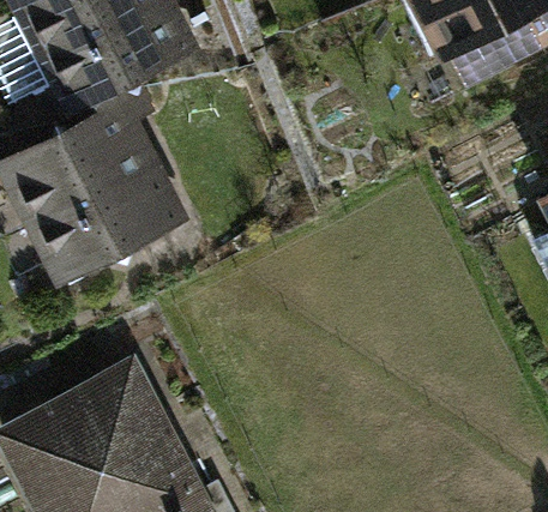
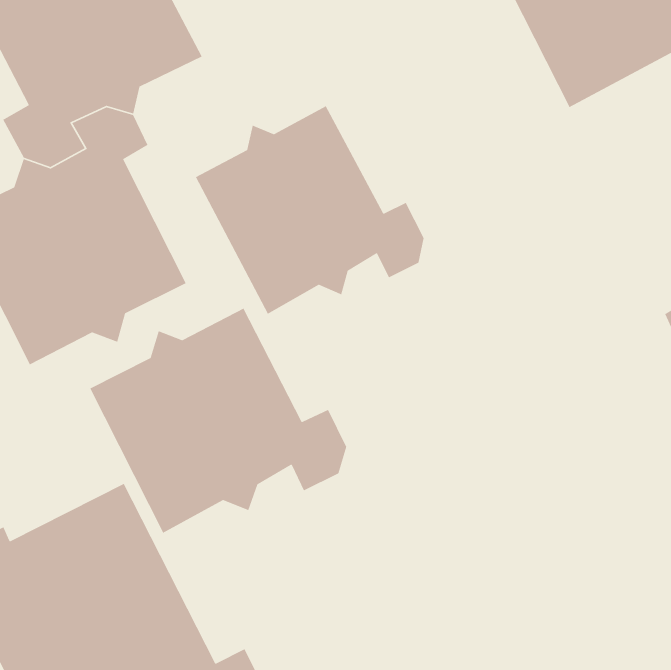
building: none -> [195,105,425,315]
building: none -> [89,307,347,534]

